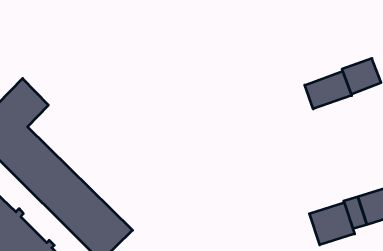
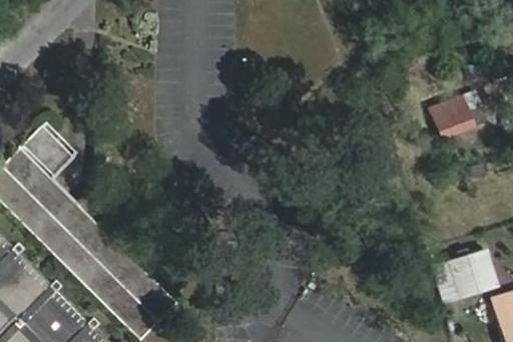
building: [305,71,352,109] -> none
building: [309,203,355,245] -> none

